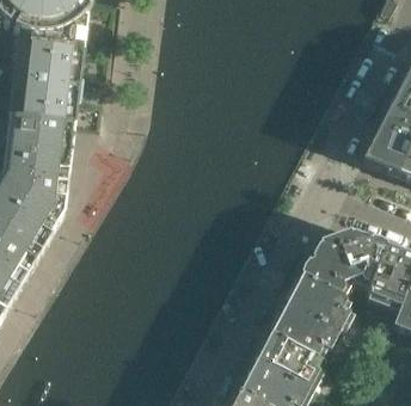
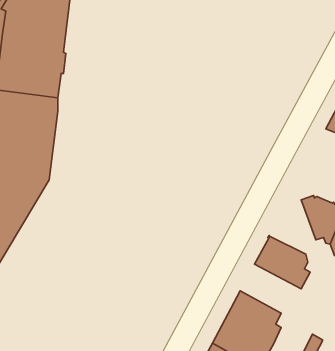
building: [299,233,350,291] -> none
building: [269,302,335,355] -> none

